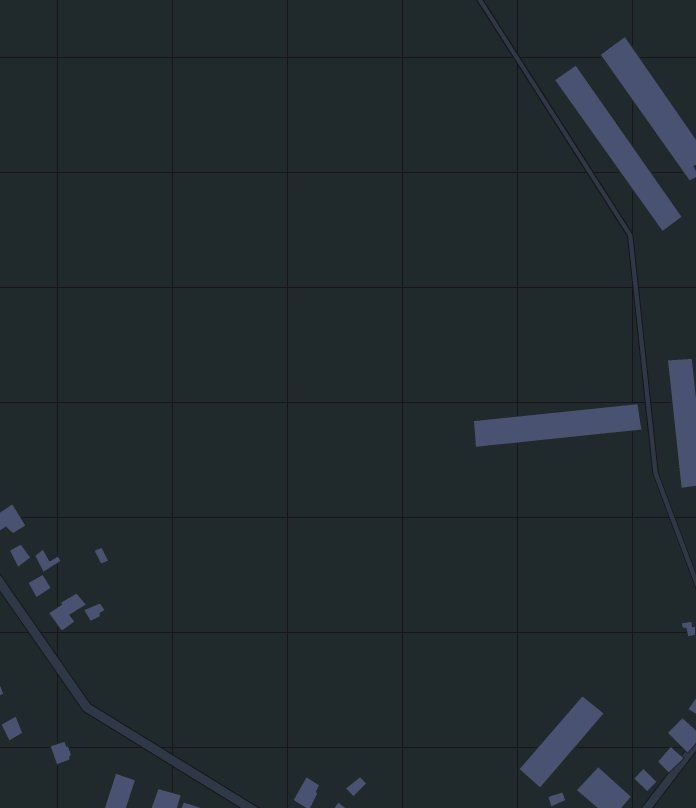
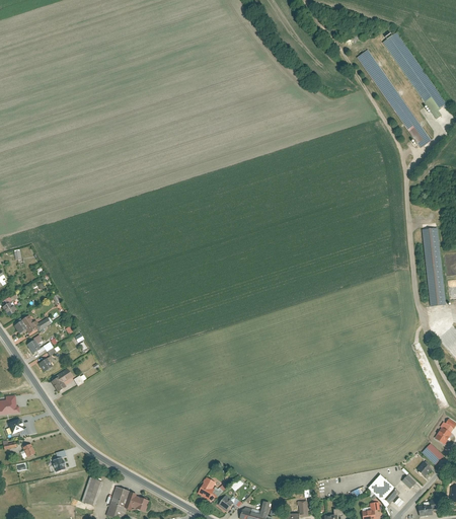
building: [474,403,642,448] -> none
building: [519,695,604,788] -> none

